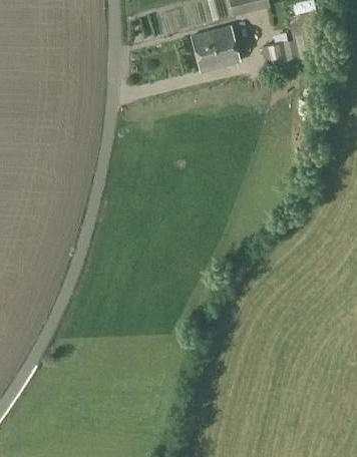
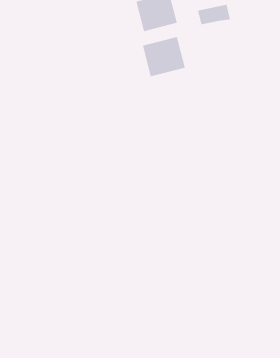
building: none -> [142,36,186,77]

